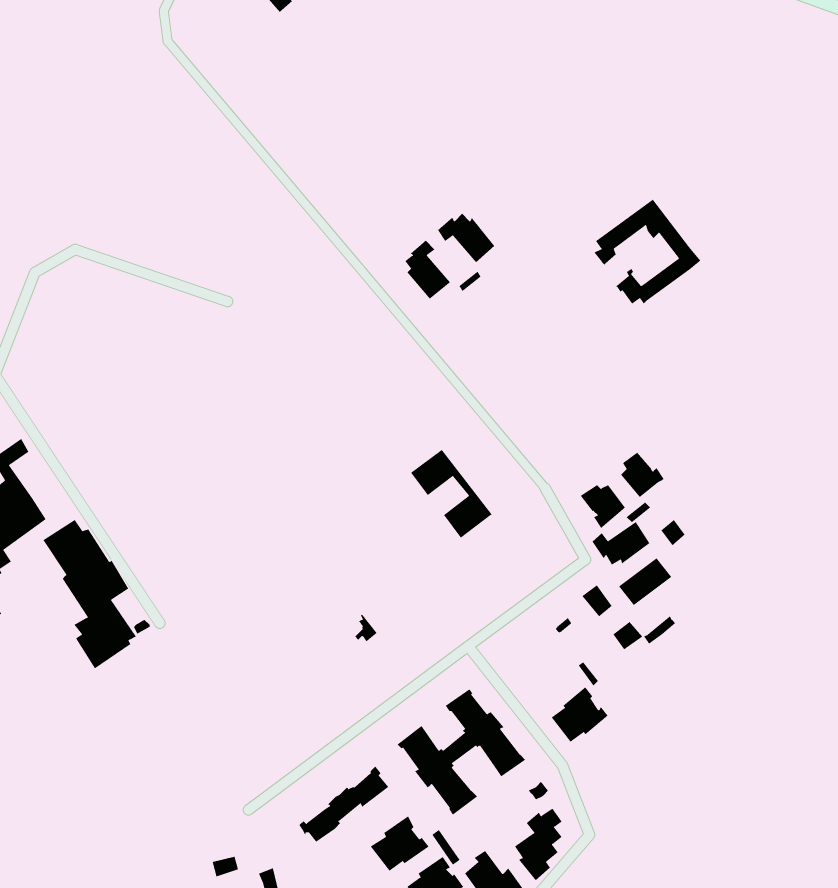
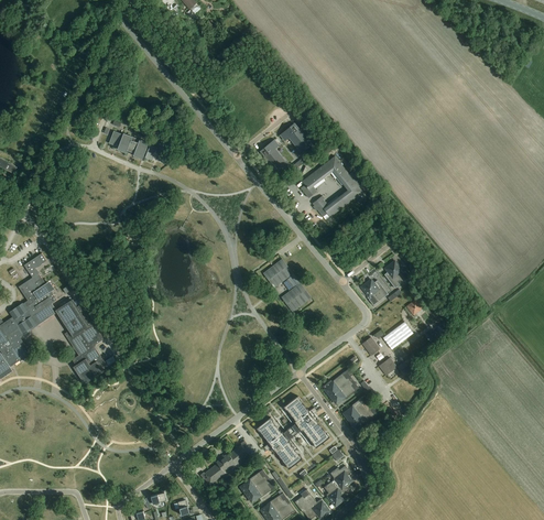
building: [593,199,701,305] -> [301,156,362,217]
building: none -> [108,131,156,161]
building: [592,521,650,565] -> none
building: none -> [324,369,359,403]

